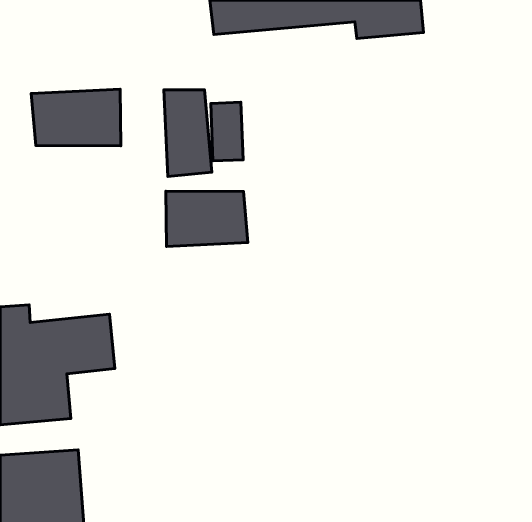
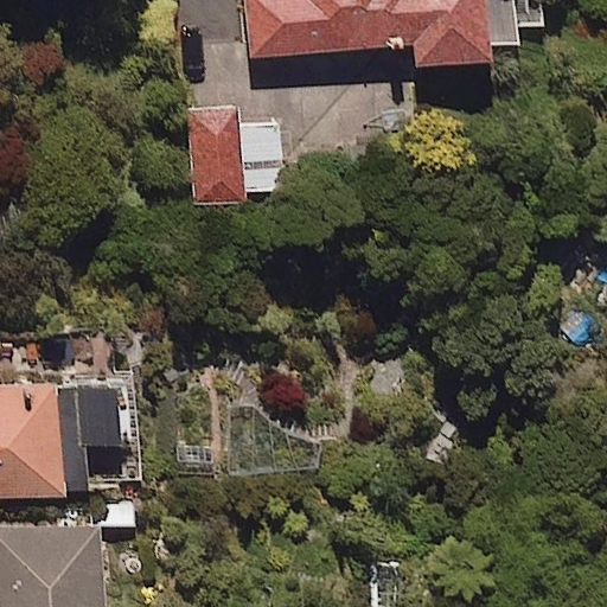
building: [31,89,121,146] -> none
building: [166,191,248,246] -> none

